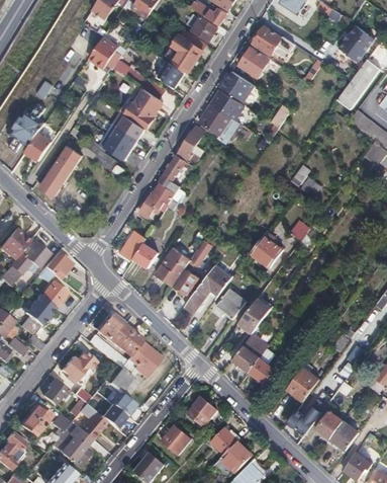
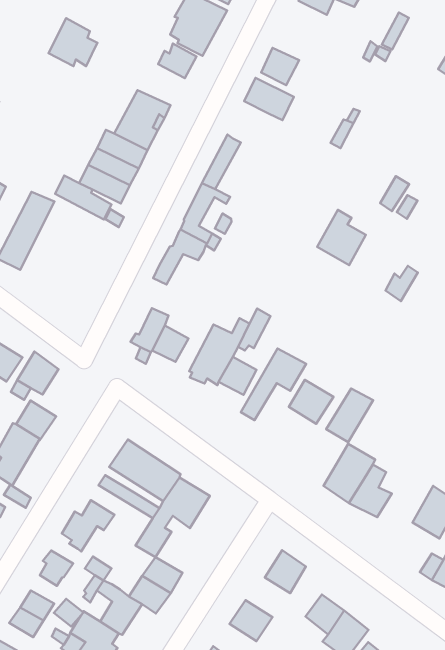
building: [238,48,270,77] -> none
building: [200,104,225,134] -> none
building: [251,230,283,266] -> [317,210,366,265]

